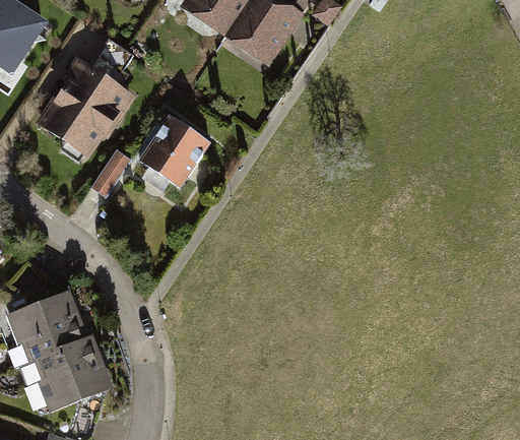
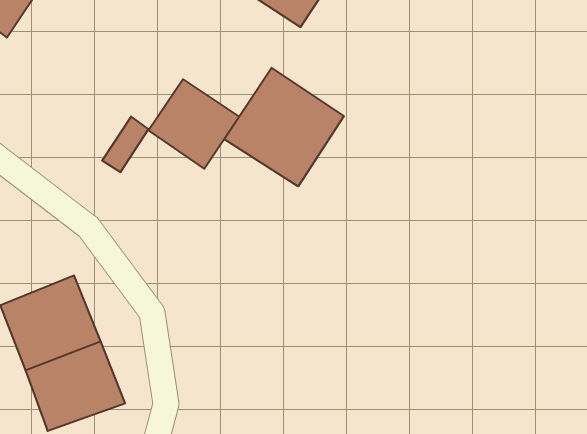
building: [32,54,134,155] -> none
building: none -> [224,68,344,186]

